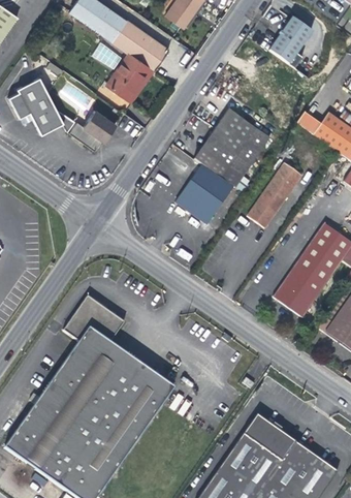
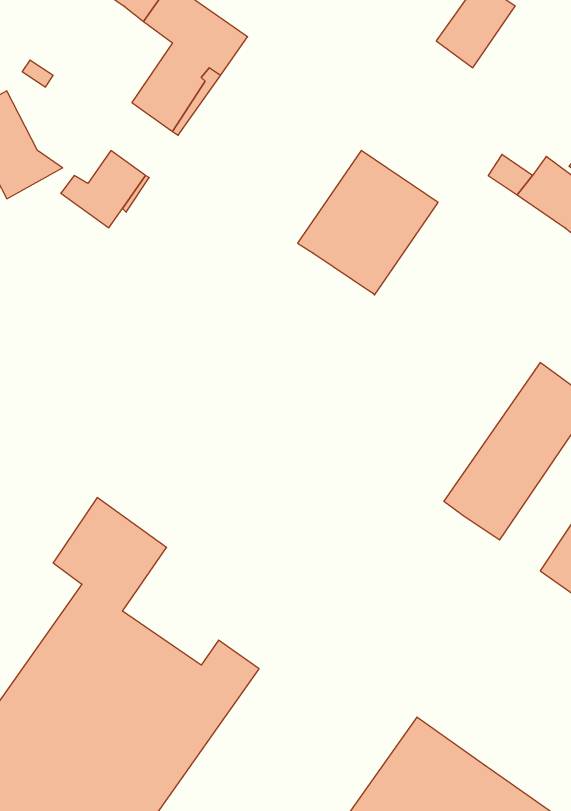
building: [247,162,302,228] -> none
building: [174,163,234,224] -> none
building: [100,342,152,384] -> none

